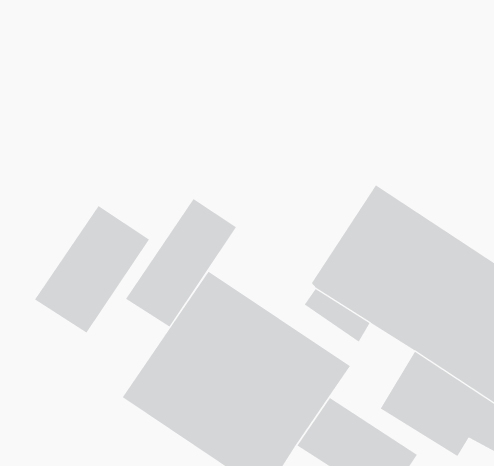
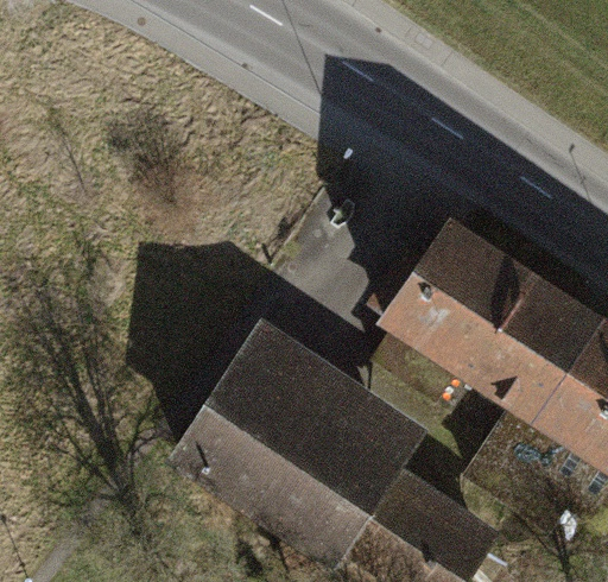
building: [125,198,237,327] -> none
building: [34,205,150,334] -> none

